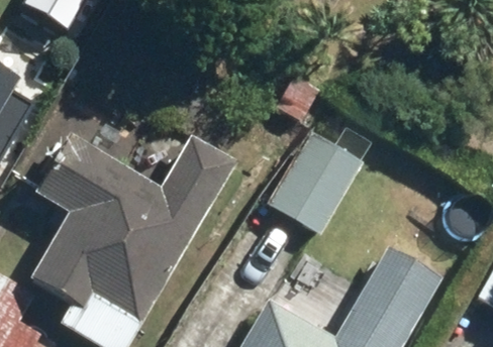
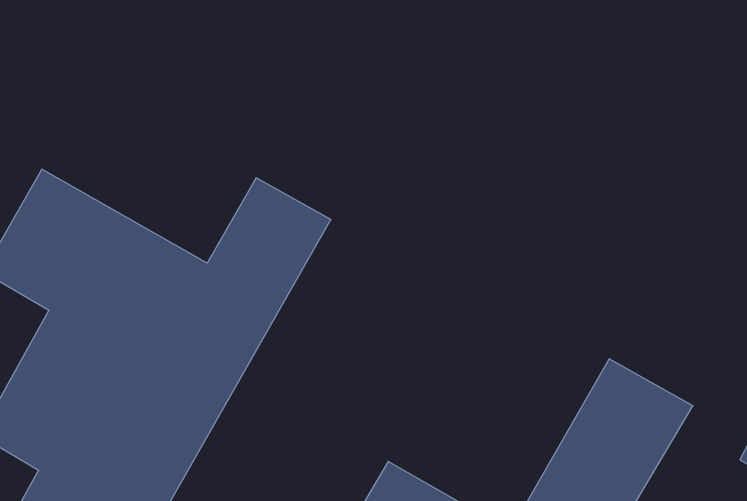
building: [263,124,368,234] -> none

